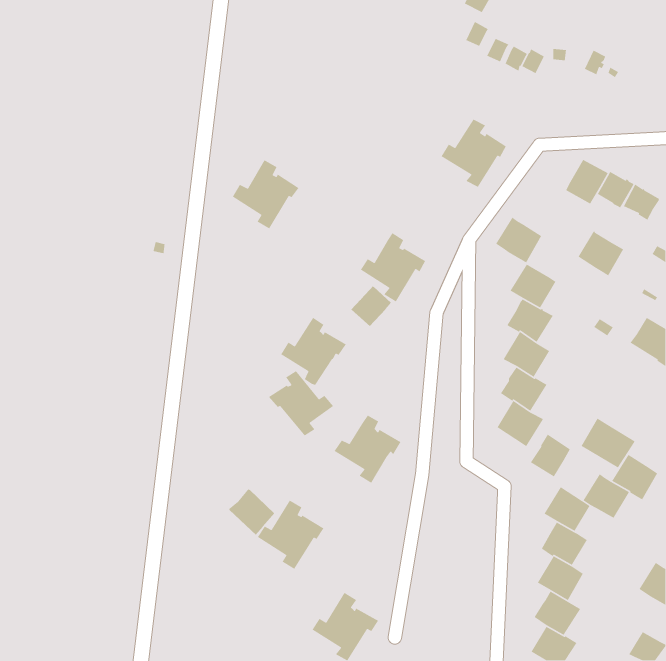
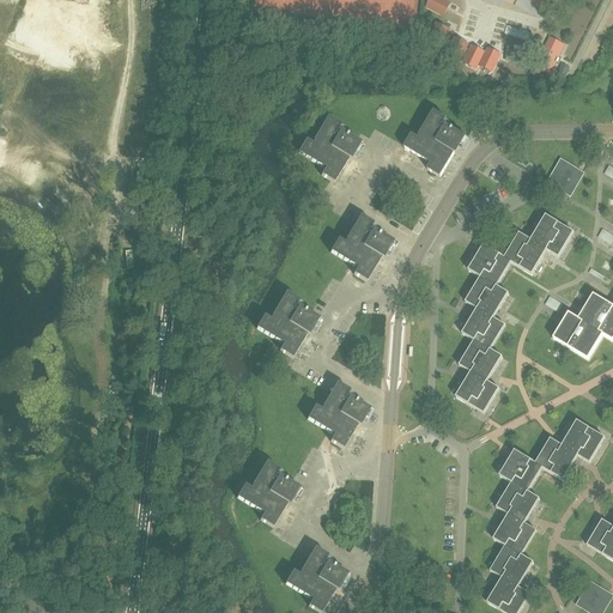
building: [565,159,609,205] -> none
building: [232,159,300,230] -> [298,114,360,178]
building: [623,184,660,220] -> none
building: [495,216,542,263] -> [504,229,547,272]
building: [350,285,392,327] -> none
building: [268,370,334,437] -> none
building: [580,418,635,468] -> [553,309,603,356]
building: [530,434,571,478] -> none
building: [228,488,275,536] -> none

